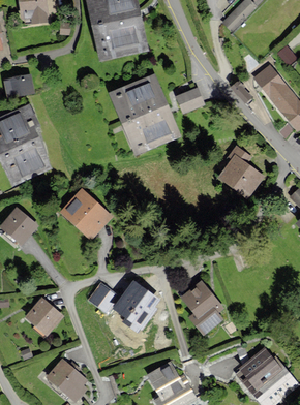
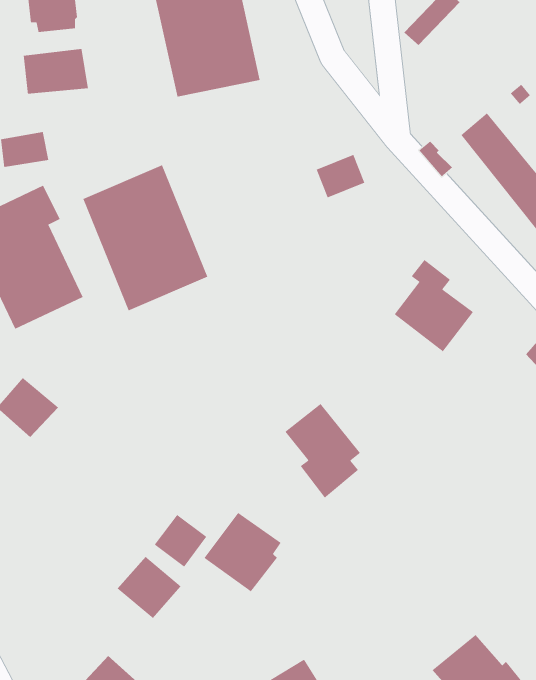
building: none -> [23,48,88,95]
building: [110,73,178,153] -> [83,165,208,311]
building: [60,190,110,238] -> none
building: [181,281,222,333] -> [285,403,361,498]
building: [26,299,61,333] -> [117,556,182,619]

